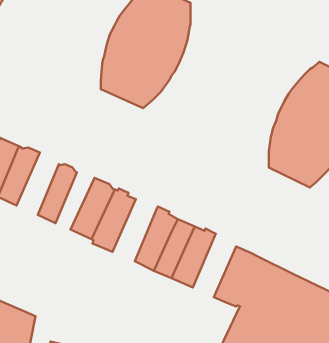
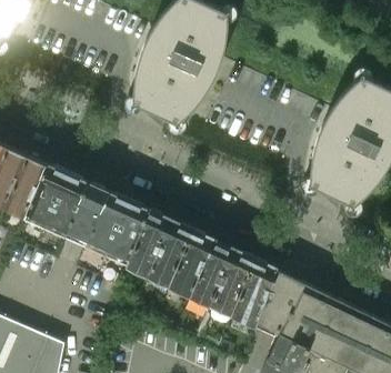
building: none -> [43,172,88,238]
building: none -> [84,193,126,253]
building: none -> [144,221,192,286]
building: none -> [229,258,274,324]

